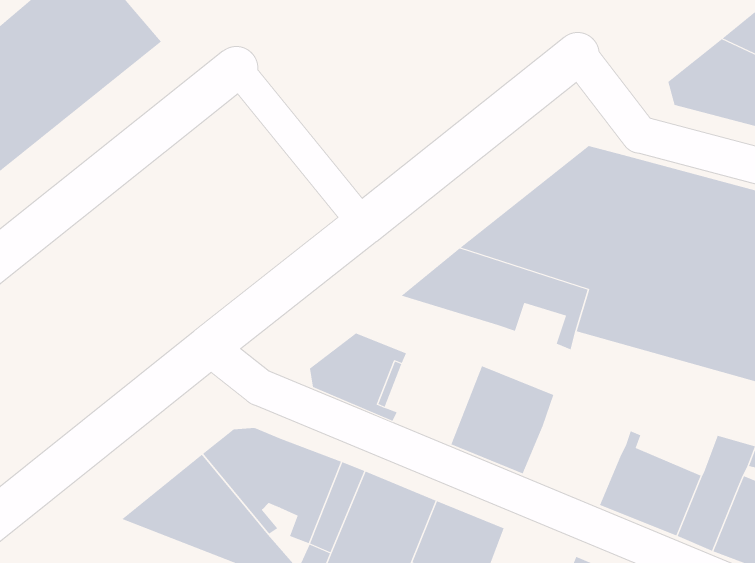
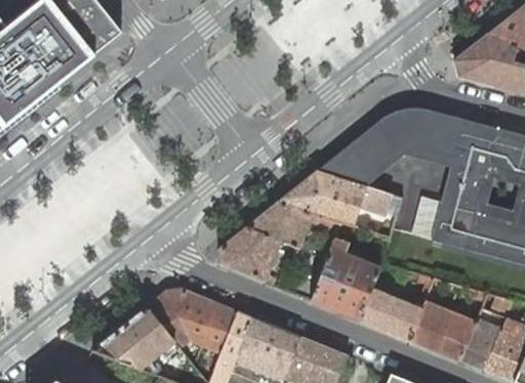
building: none -> [247,202,340,252]
building: none -> [358,288,421,340]

